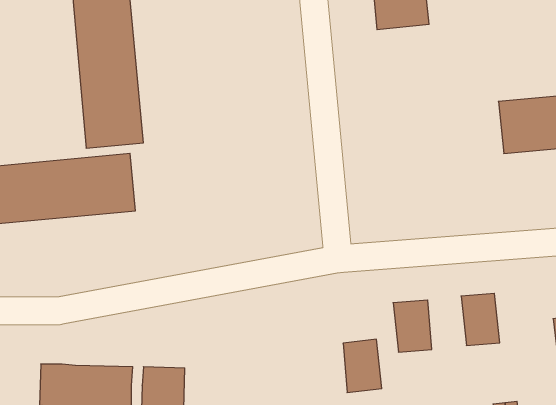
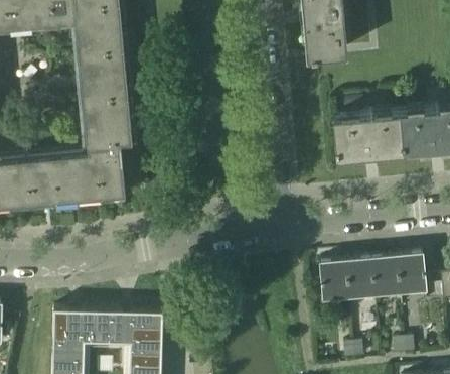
building: none -> [333,112,403,157]
building: none -> [396,255,426,294]
building: [343,339,382,393] -> [345,259,374,299]

